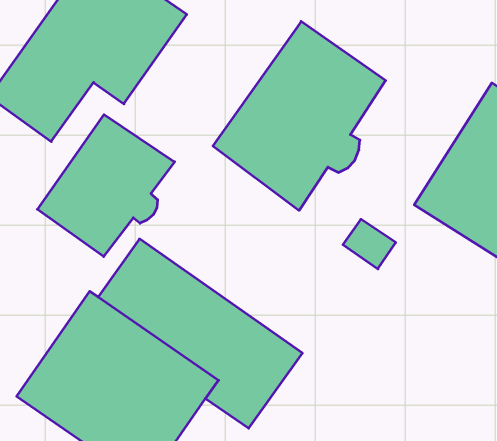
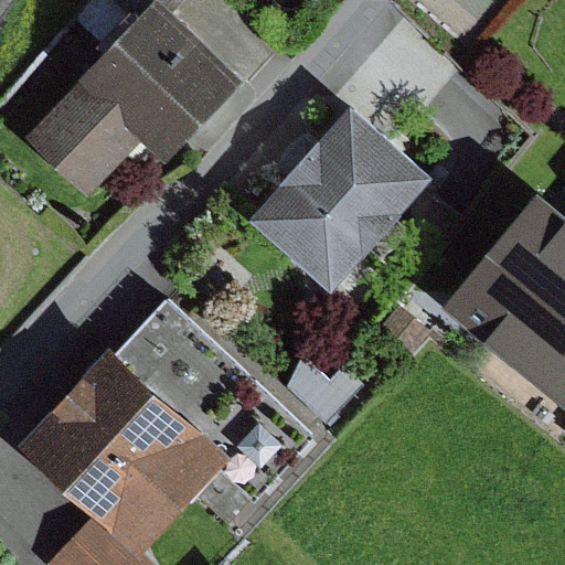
building: [37,115,175,257] -> none

